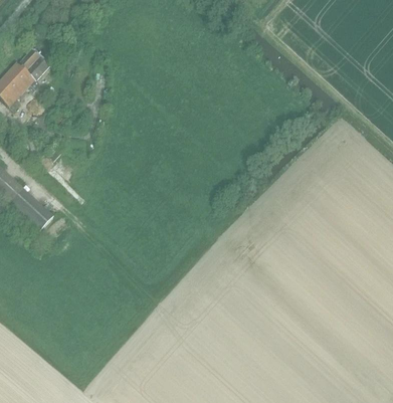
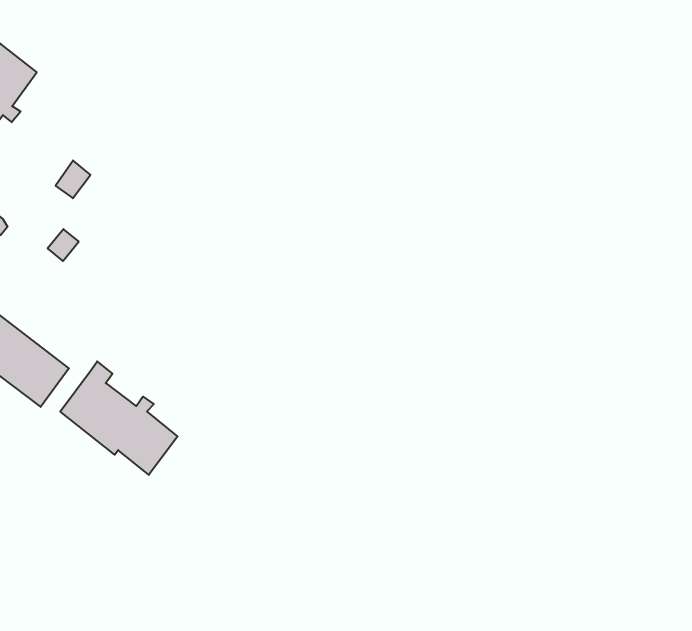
building: none -> [60,361,178,475]

